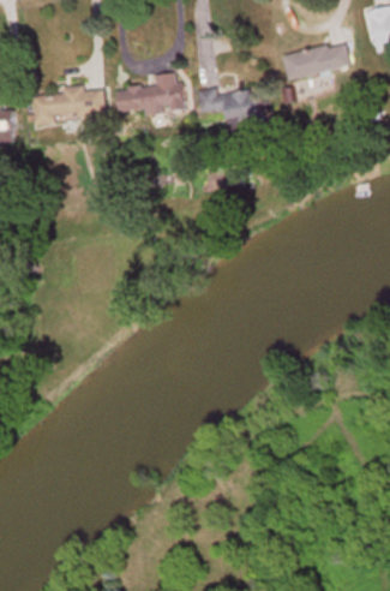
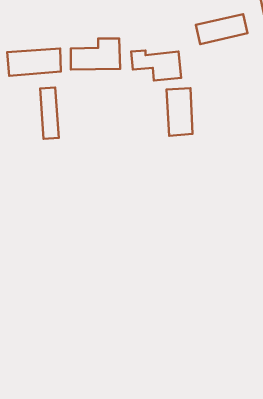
building: none -> [40,88,59,139]
building: none -> [166,88,192,136]

